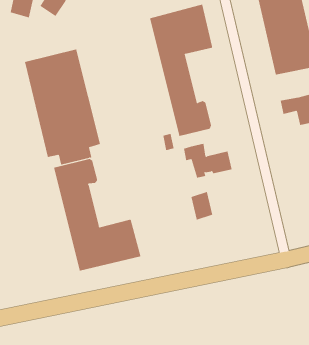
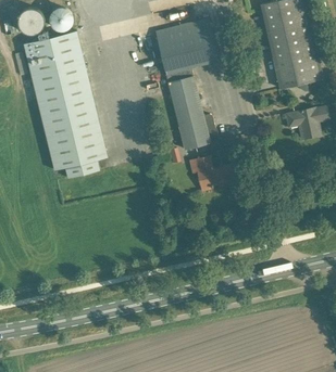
building: none -> [23,31,83,76]
building: [54,158,141,271] -> none
building: [191,191,213,221] -> none

